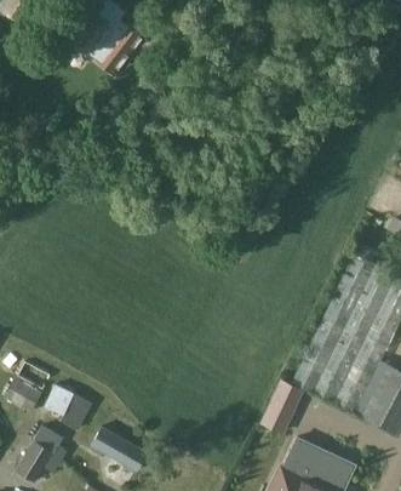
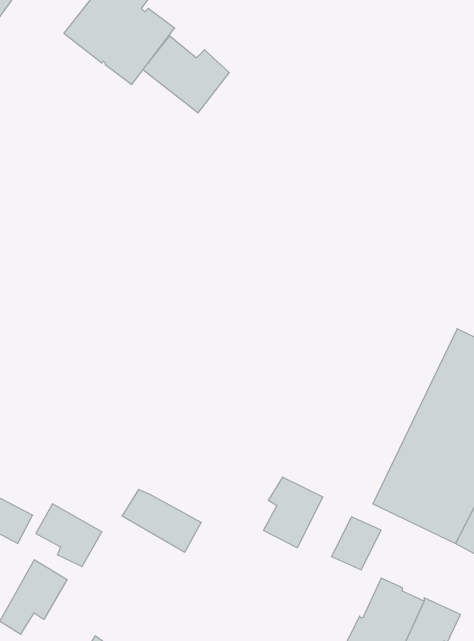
building: none -> [143,36,229,113]
building: none -> [264,477,323,548]
building: [90,427,148,473] -> [122,489,201,552]

